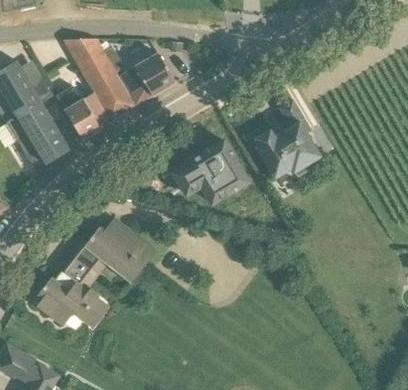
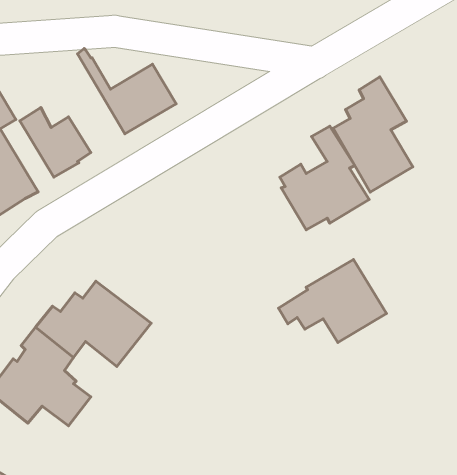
building: [64,37,136,119] -> none
building: none -> [333,77,413,192]
building: [166,140,248,203] -> [279,260,386,342]

